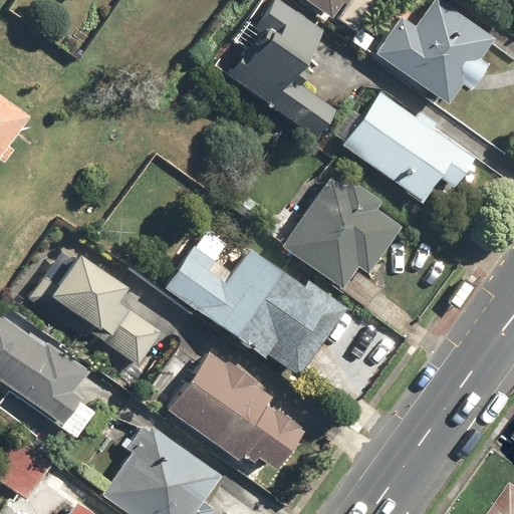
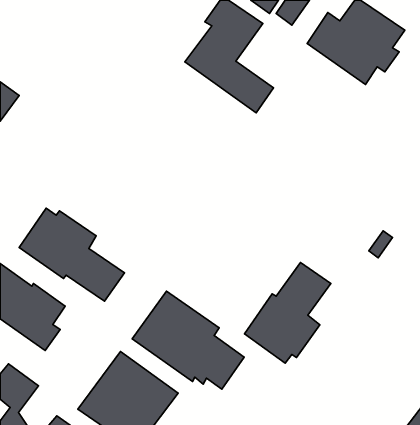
building: [343,92,475,202] -> none
building: [282,178,402,289] -> none
building: [168,248,347,377] -> none
building: none -> [244,263,331,363]

